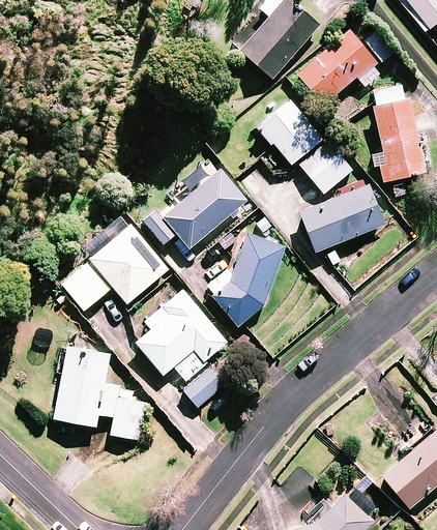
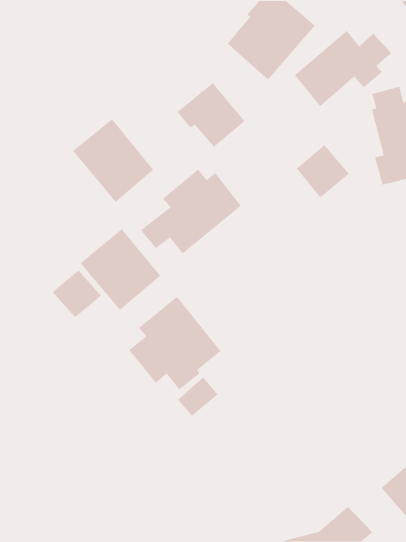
building: [255,100,322,165] -> [177,82,246,148]
building: none -> [72,118,154,203]
building: [300,185,384,252] -> none
building: [215,234,285,325] -> none
building: [54,345,147,440] -> none

